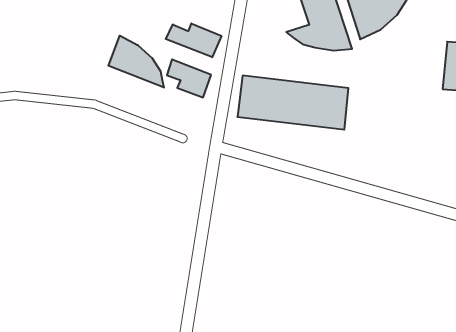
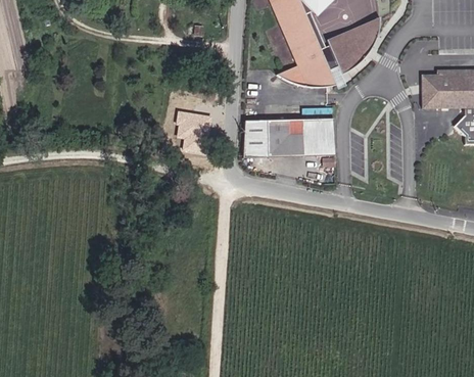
building: [166,23,221,57] -> none
building: [108,36,164,88] -> none

